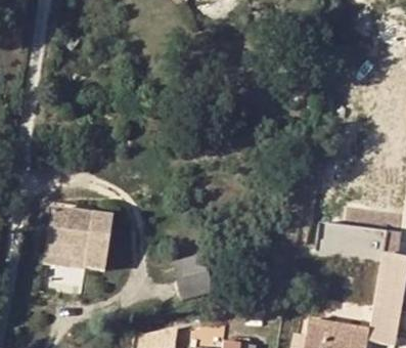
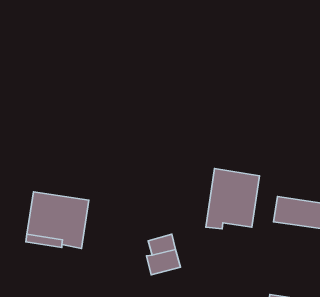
building: none -> [206,169,259,229]

